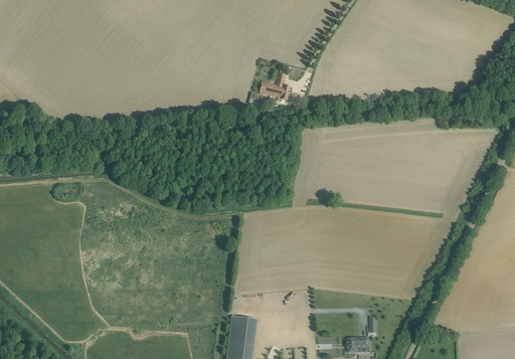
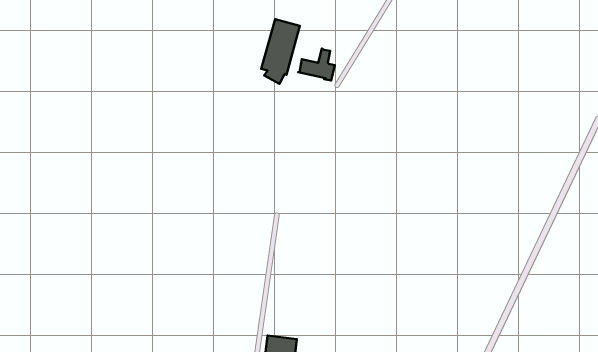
building: none -> [261,19,300,84]

